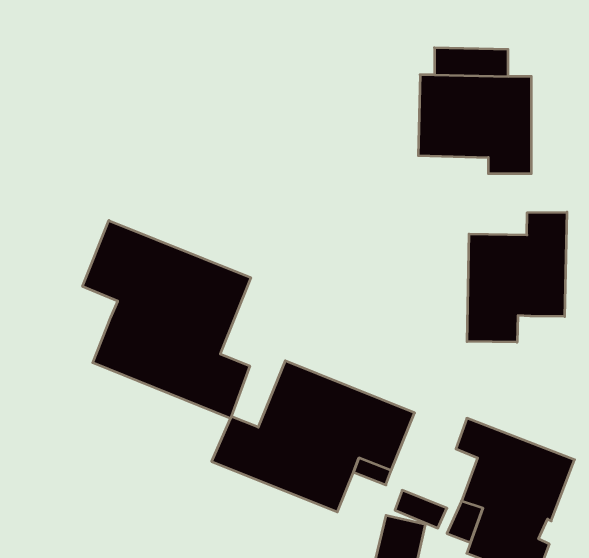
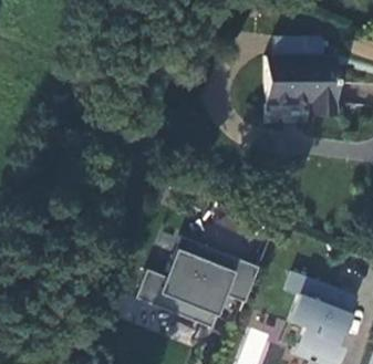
building: [467,212,567,342] -> none
building: [83,220,251,419] -> none

